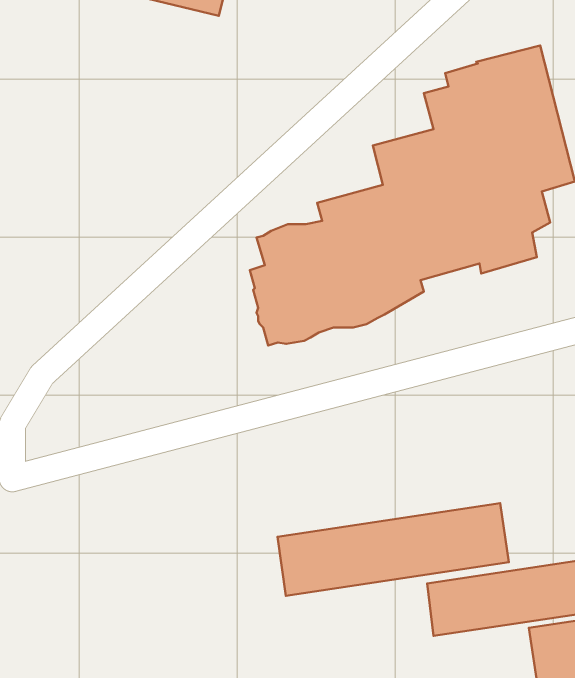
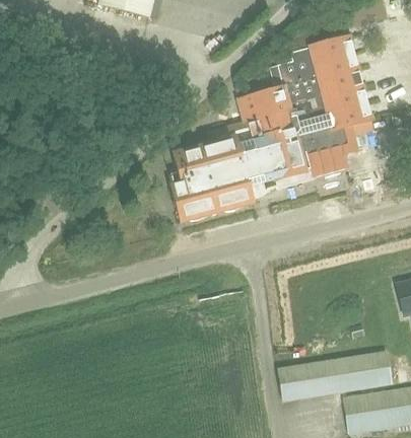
building: [277,503,509,596] -> none

